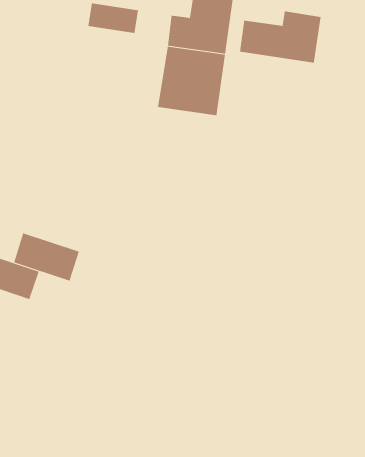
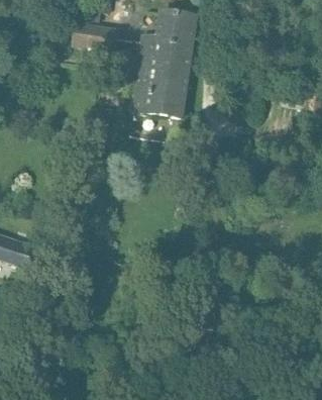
building: [240,11,321,64] -> none
building: [13,232,79,282] -> none

